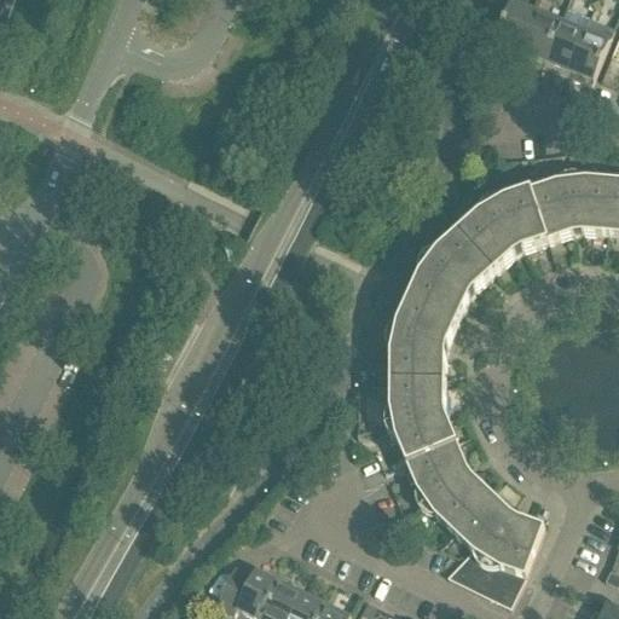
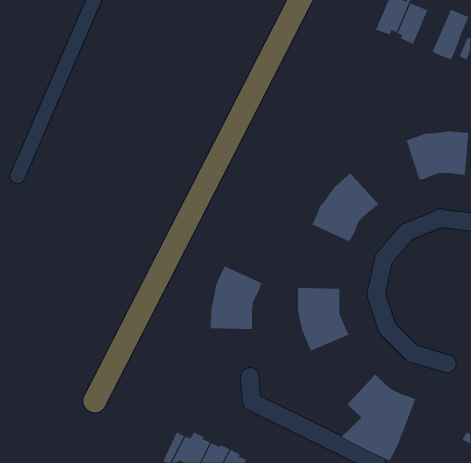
building: [538,13,582,68] -> none
building: [456,183,545,266] -> none
building: [387,293,456,376] -> [210,265,263,329]
building: [404,436,488,527] -> none

